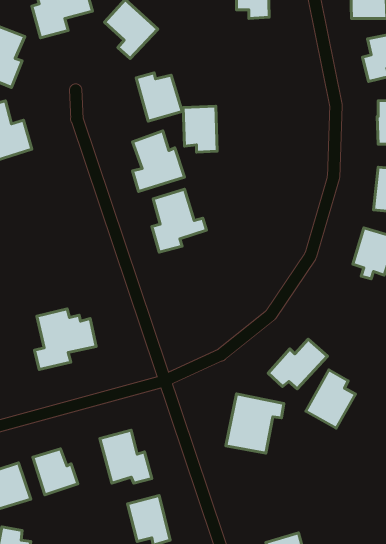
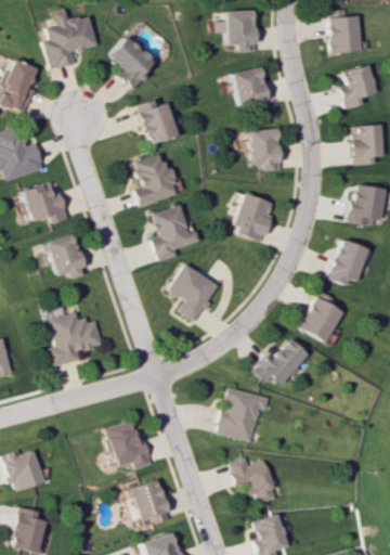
building: none -> [233,66,270,112]
building: [183,106,217,152] -> [250,129,281,170]
building: none -> [23,182,68,223]
building: none -> [235,194,274,242]
building: none -> [47,233,86,279]
building: none -> [168,263,220,323]
building: [306,370,355,428] -> [300,291,344,343]
building: [33,449,78,495] -> none
building: none -> [228,457,282,505]

